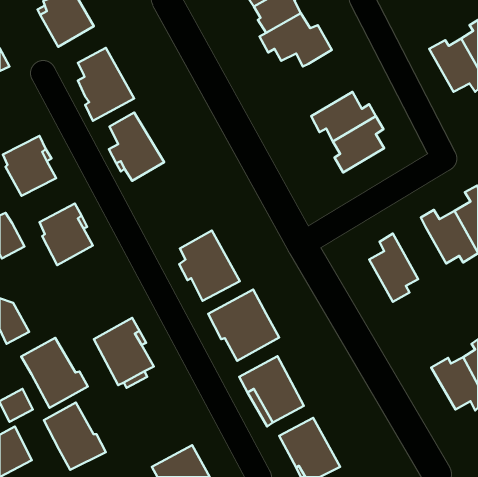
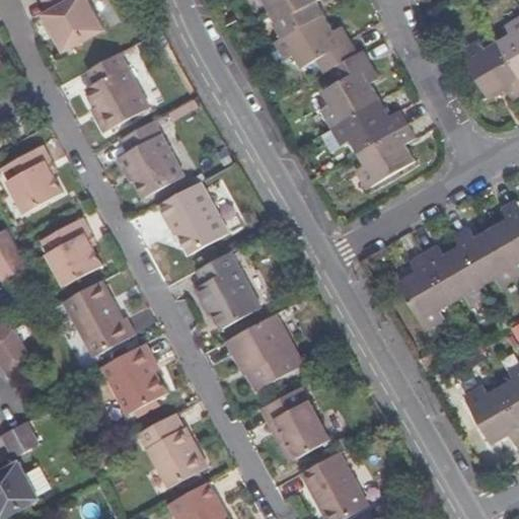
building: none -> [325,52,381,126]
building: none -> [156,179,228,253]
building: none -> [425,245,487,302]
building: [21,338,88,408] -> [65,278,137,354]
building: [44,402,106,470] -> [139,415,206,488]

